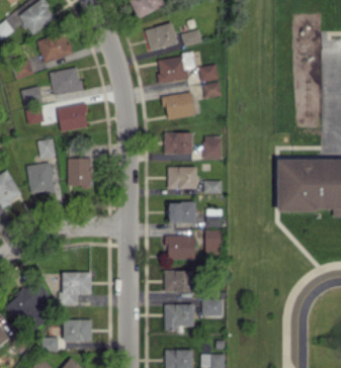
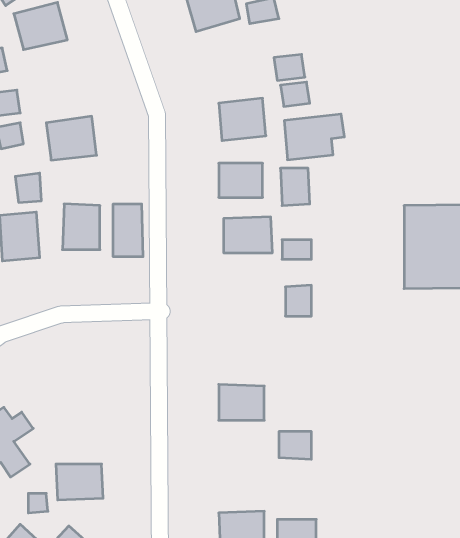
building: [157,54,194,82] -> [284,114,344,160]
building: [49,67,82,95] -> none
building: none -> [113,204,143,257]
building: [168,201,194,222] -> none
building: [204,229,222,253] -> none
building: [165,236,195,260] -> none
building: [60,272,91,305] -> none
building: [164,304,193,331] -> none

